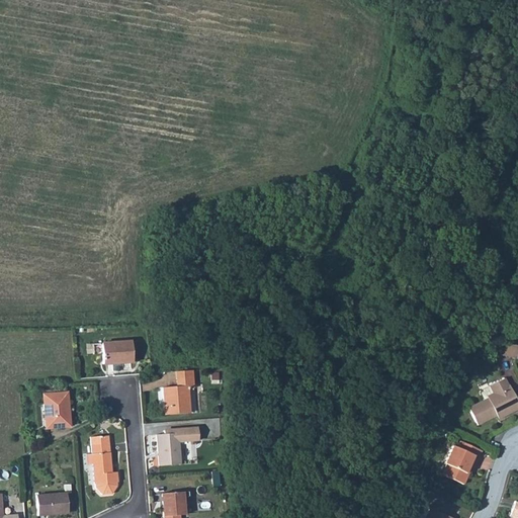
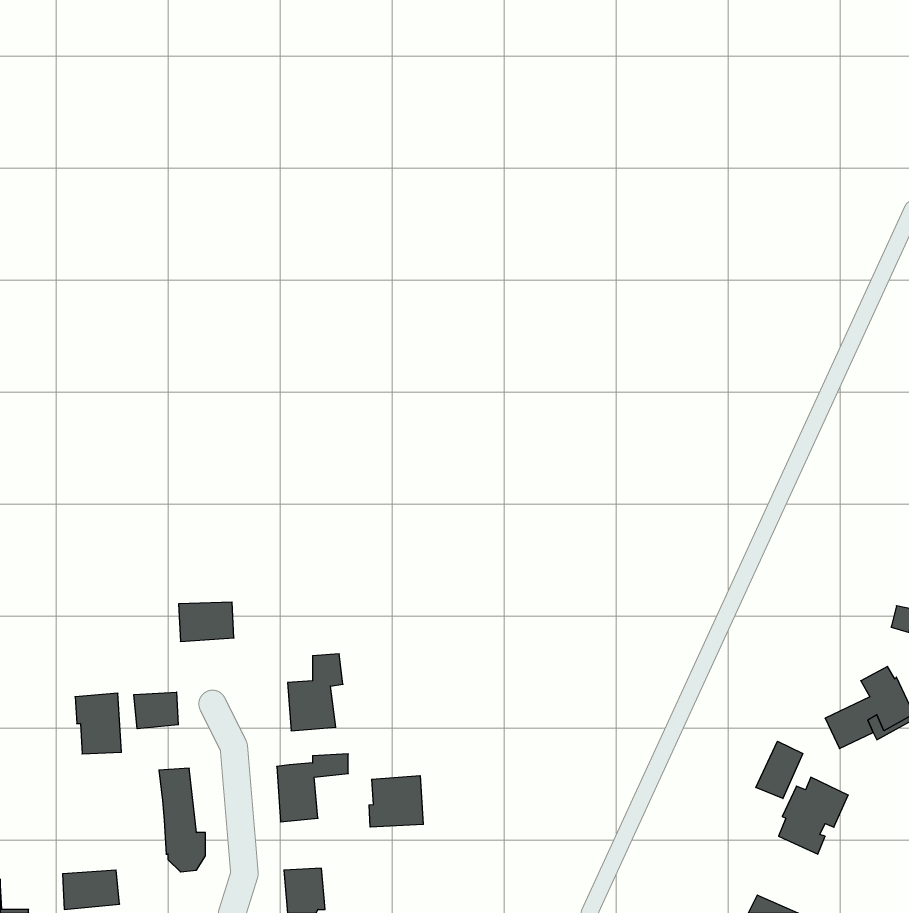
building: none -> [134,692,178,729]
building: none -> [756,741,803,799]
building: none -> [369,776,423,827]

